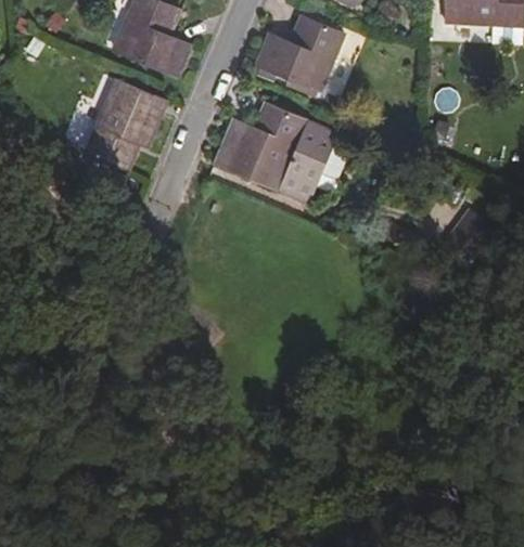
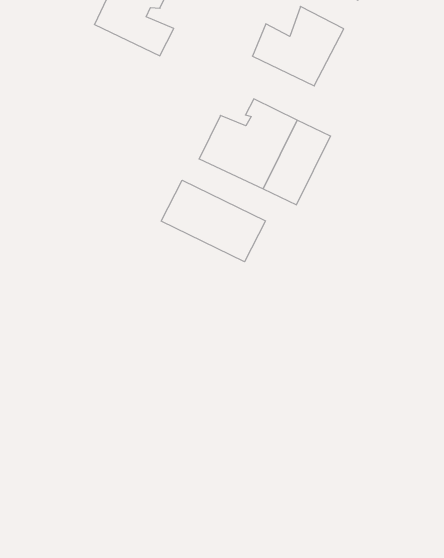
building: [81,84,161,173] -> none
building: none -> [161,180,265,262]

